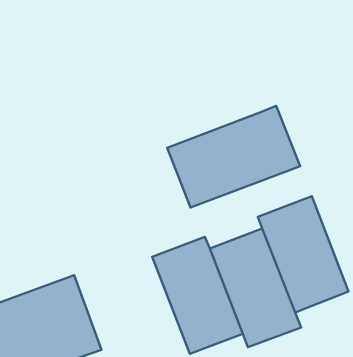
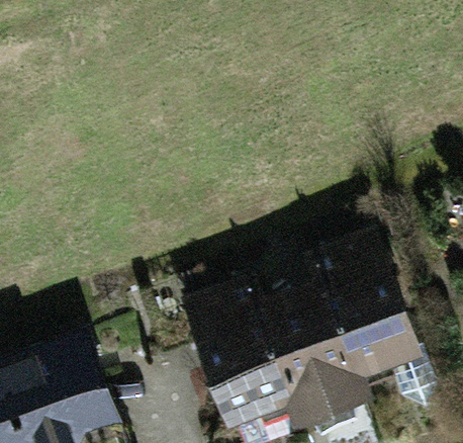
building: [167,106,300,207] -> none

